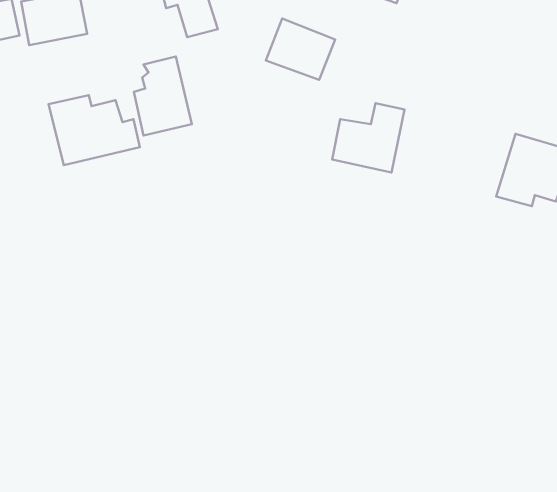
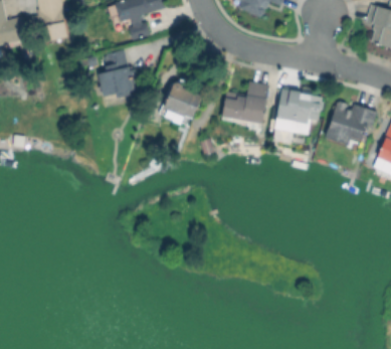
building: [266,19,335,80] -> [161,82,204,121]
building: [48,95,140,165] -> none
building: none -> [273,88,323,134]

